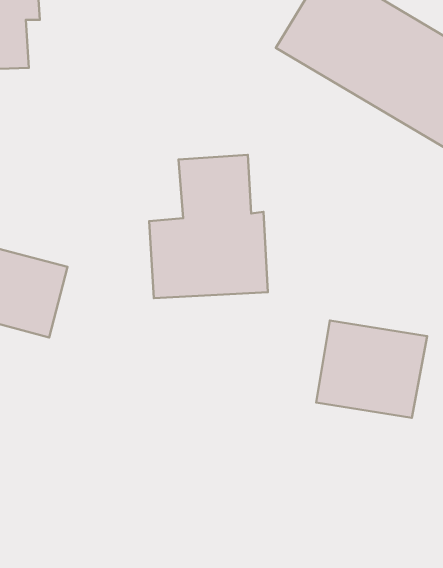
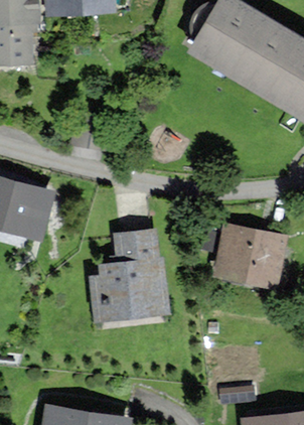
building: [149,155,268,298] -> [93,230,170,323]

